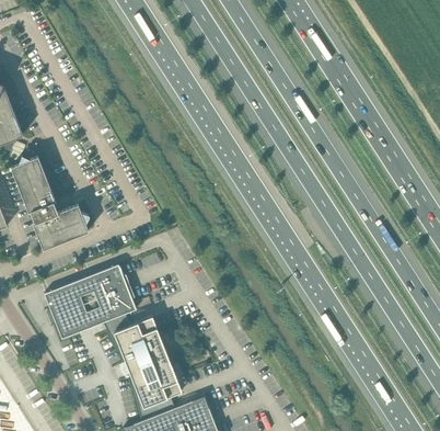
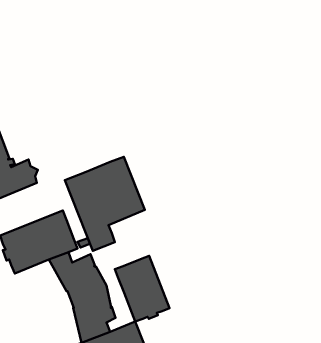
building: none -> [65,157,145,251]
building: none -> [115,256,169,322]

